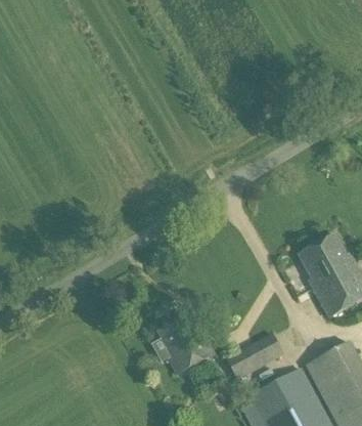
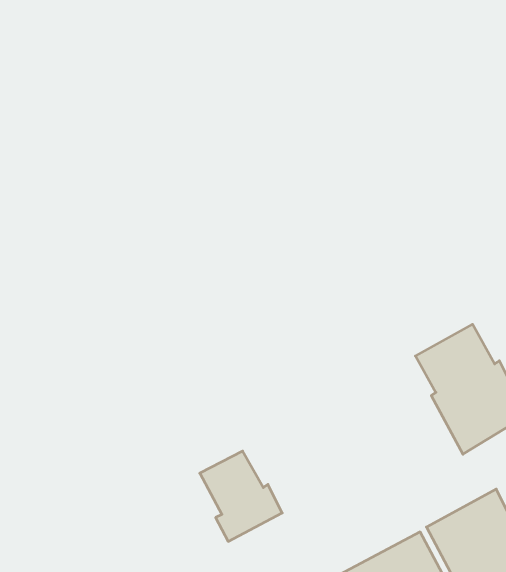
building: [226,336,283,380] -> none

